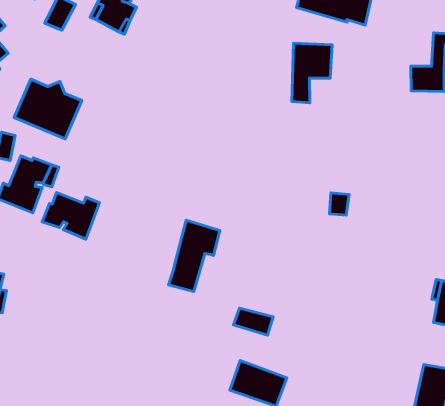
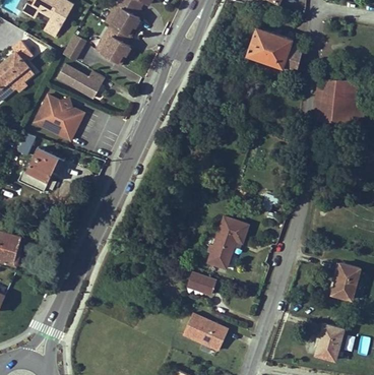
building: none -> [54,61,105,100]
building: [292,43,332,103] -> [314,77,347,122]
building: [42,193,100,239] -> none
building: [168,220,220,291] -> [207,215,248,268]

